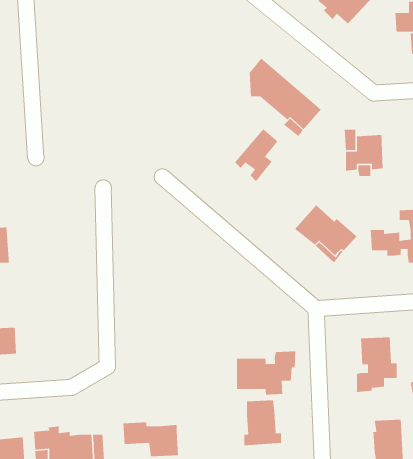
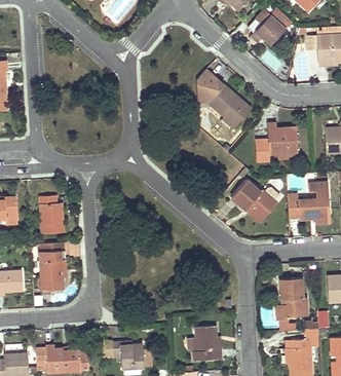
building: [234,128,278,182] -> none
building: none -> [39,194,63,233]
building: none -> [39,241,66,290]
building: [236,351,296,395] -> none

